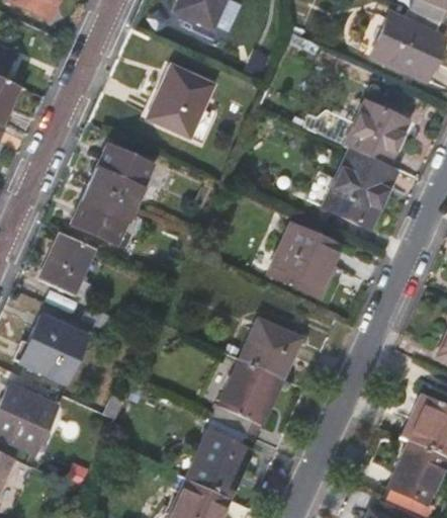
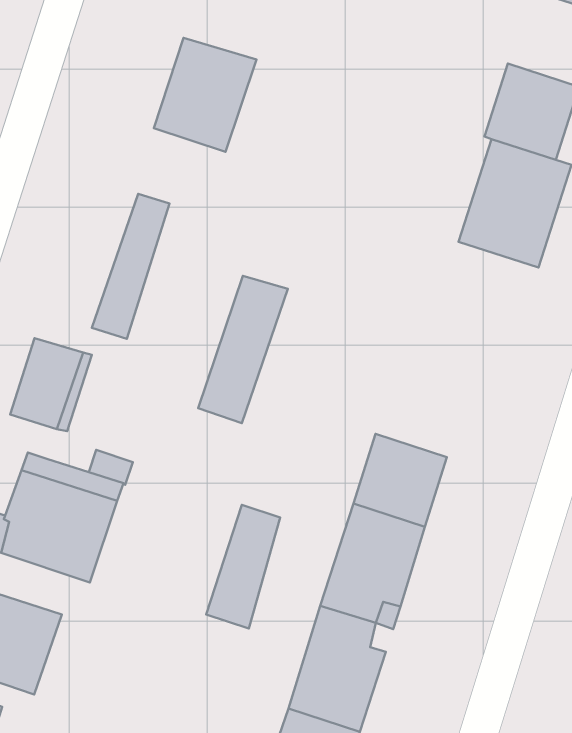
building: [70,146,132,235] -> [198,276,288,423]
building: [269,223,339,294] -> none
building: none -> [206,505,280,628]

